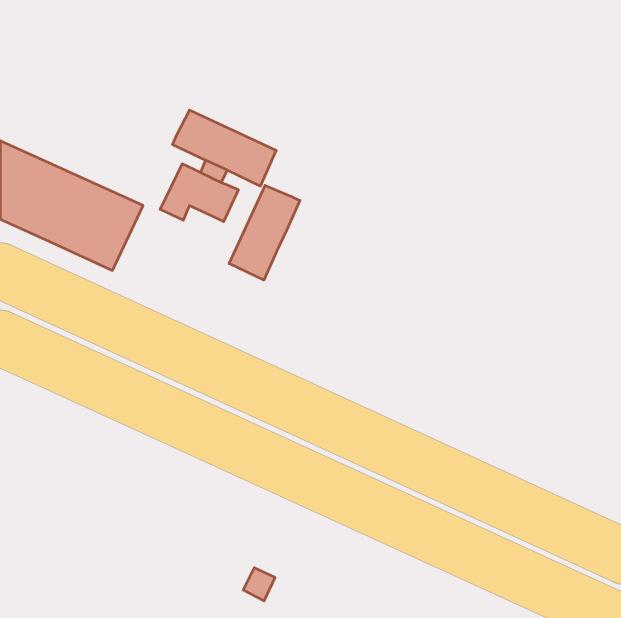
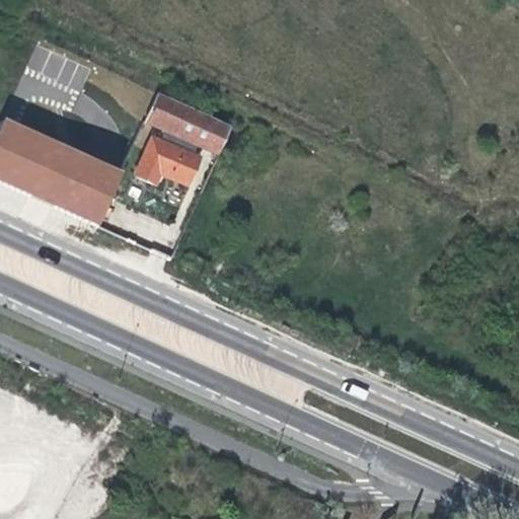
building: [229,185,300,280] -> none

